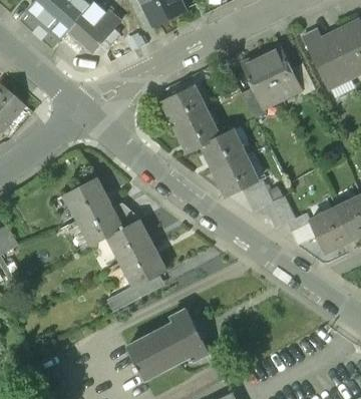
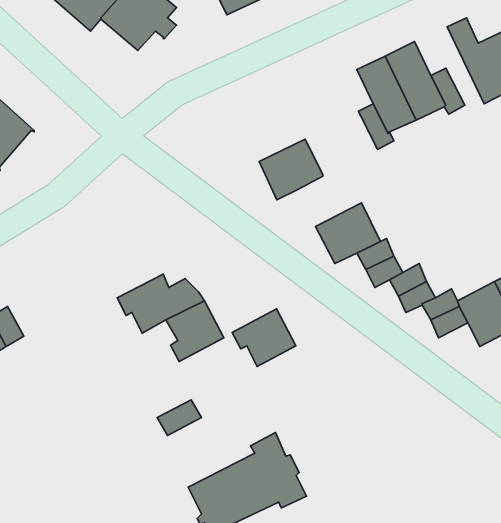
building: [163,85,208,126] -> none
building: [203,129,246,170] -> none
building: [72,177,111,219] -> none
building: [122,246,165,285] -> [232,309,296,367]

